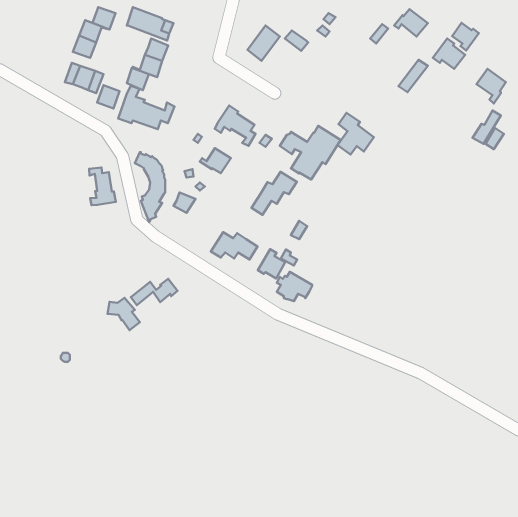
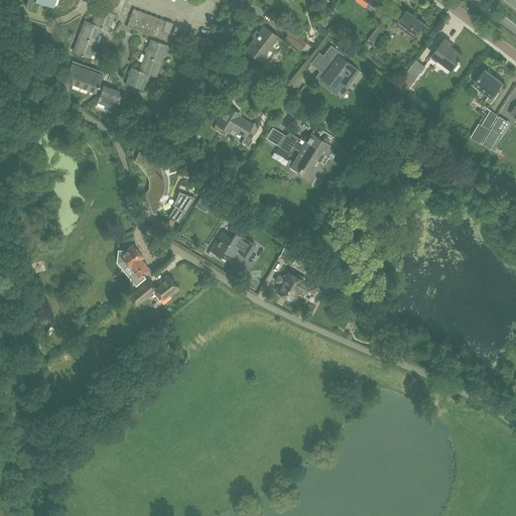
building: [452,23,479,51] -> none
building: [118,86,175,129] -> none
building: [337,113,374,154] -> [321,46,358,88]
building: [200,148,231,173] -> none
building: [89,168,116,205] -> none
building: [252,172,297,215] -> none
building: [258,249,285,278] -> none
building: [107,298,140,330] -> [116,246,148,278]

